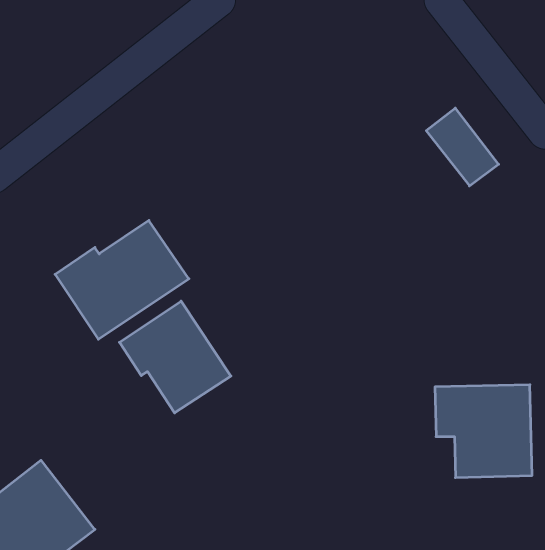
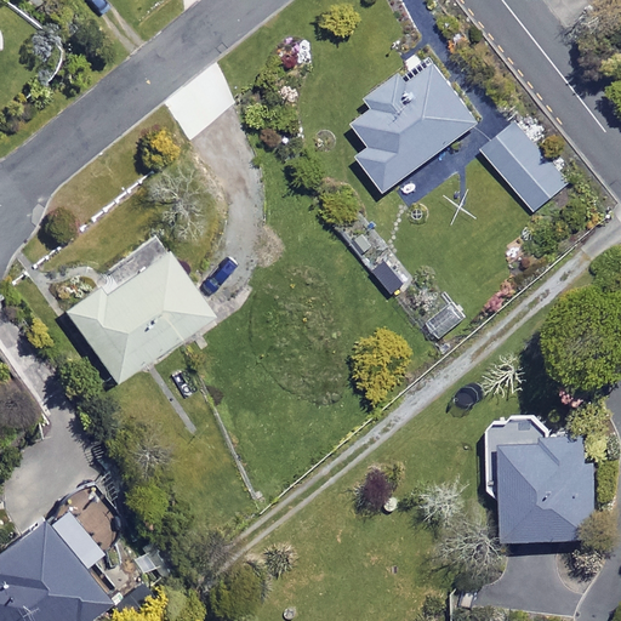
building: none -> [353,63,479,193]
building: [119,301,231,413] -> none

